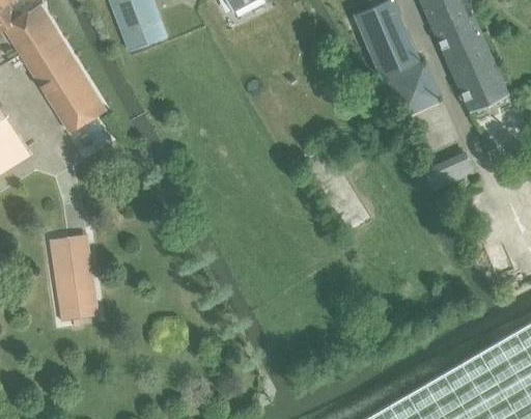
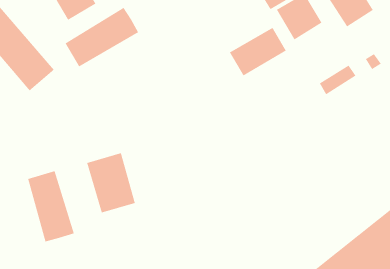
building: none -> [64,7,139,67]
building: none -> [229,27,287,76]
building: none -> [86,152,136,213]

